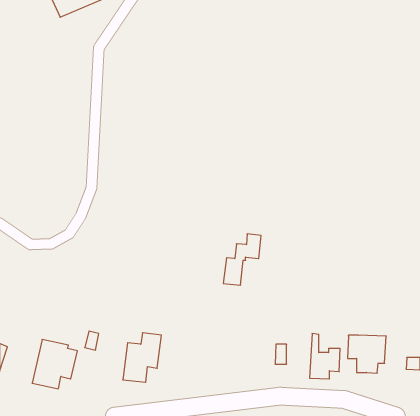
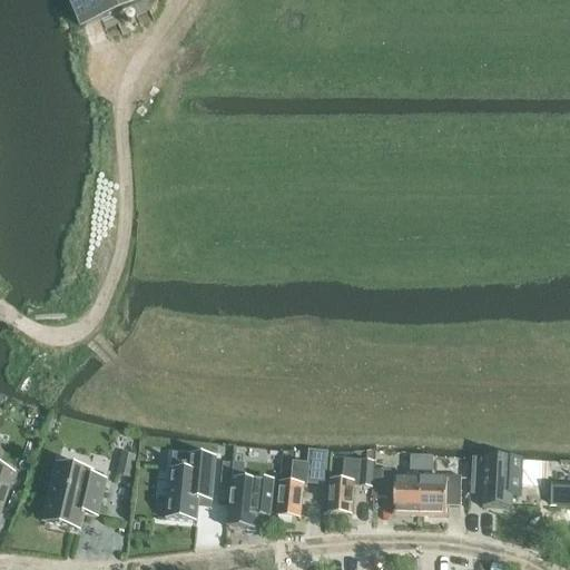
building: [223,234,261,285] -> [275,445,326,514]
building: none -> [393,451,422,511]
building: none -> [327,454,371,510]
building: none -> [228,474,273,527]

